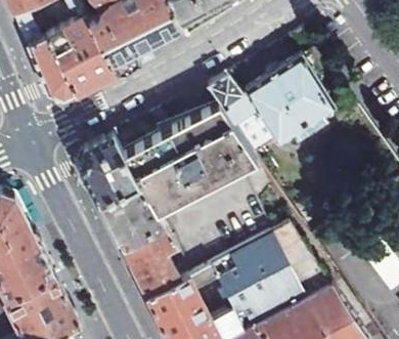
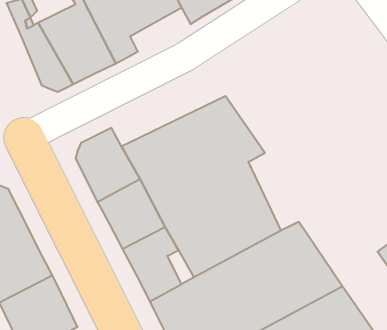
building: [205,52,332,140] -> none

